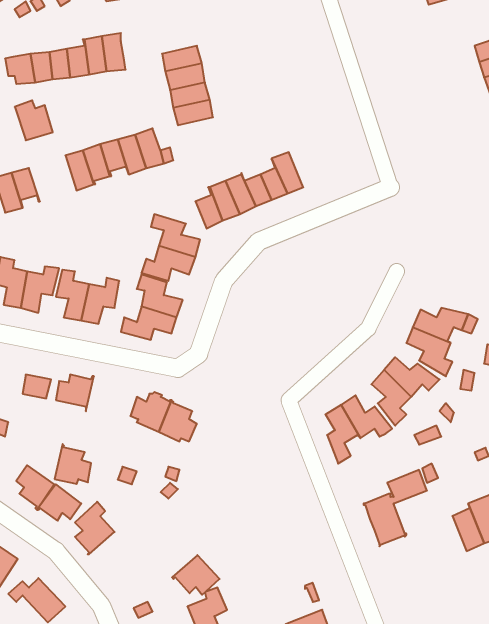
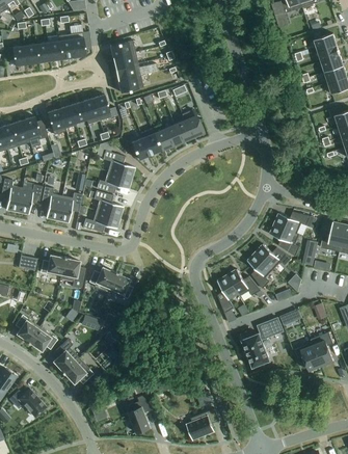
building: [15,100,53,140] -> [22,116,47,142]
building: [55,444,91,484] -> [59,257,83,283]
building: [172,555,220,595] -> [61,358,92,384]

